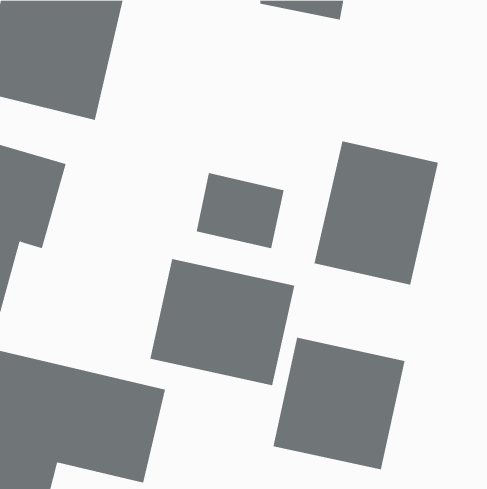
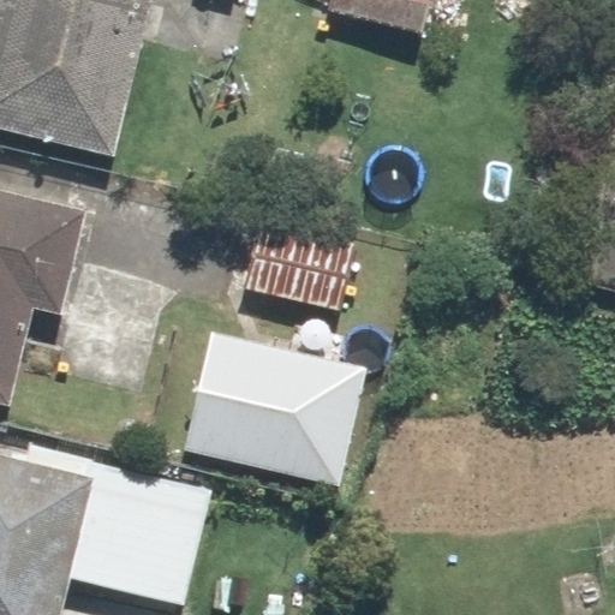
building: [314,141,438,285] -> none
building: [273,337,405,470] -> none

